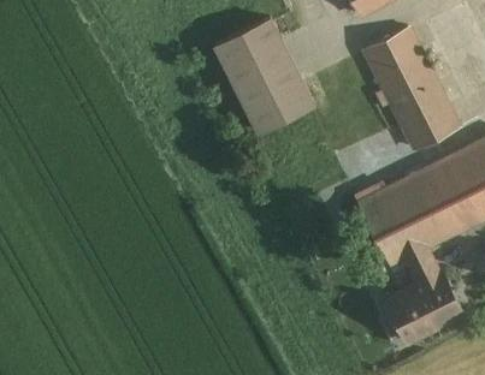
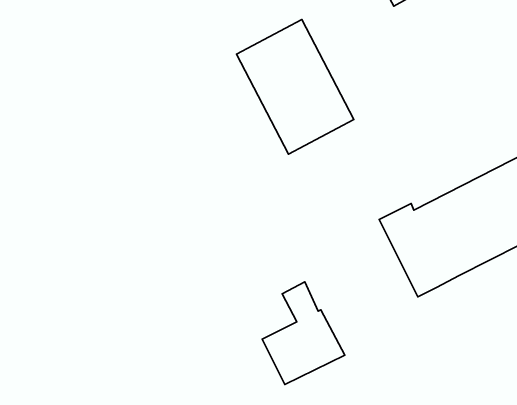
building: [365,26,462,153] -> none
building: [379,252,454,345] -> [262,282,345,385]

